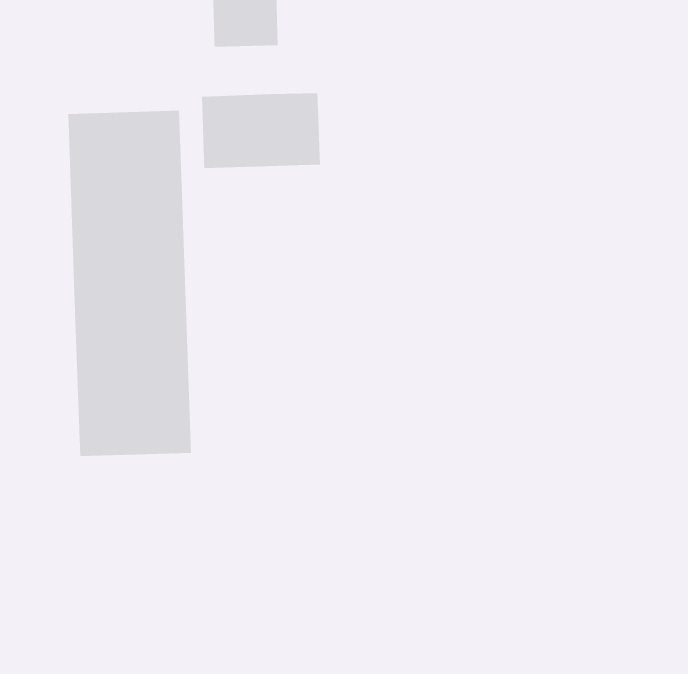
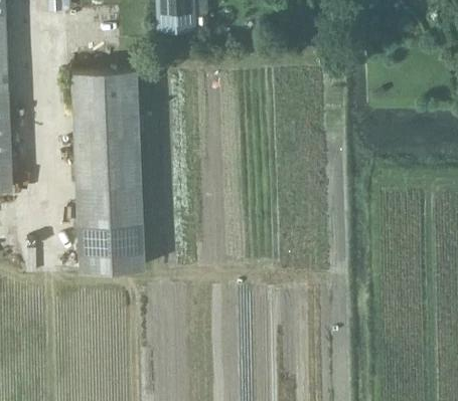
building: [201,92,320,169] -> none

